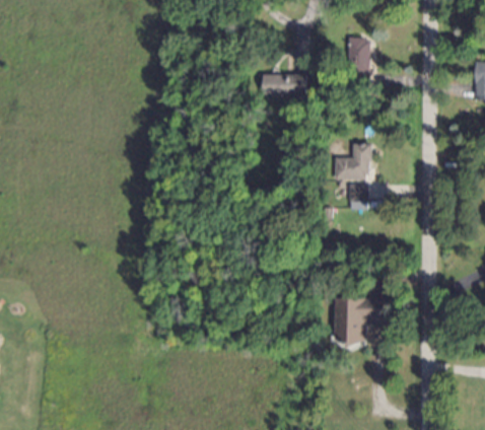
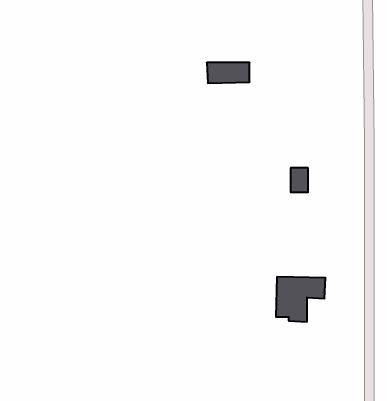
building: [347,37,369,60] -> none
building: [333,144,369,181] -> none

